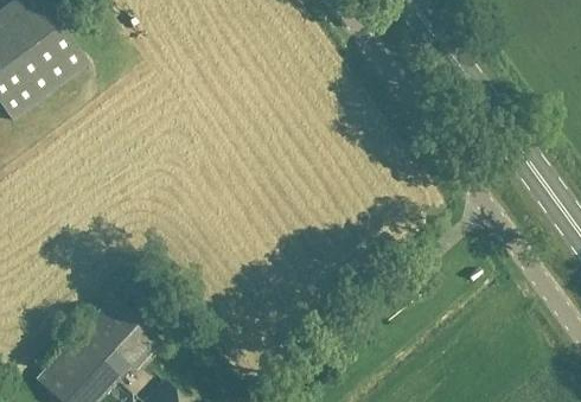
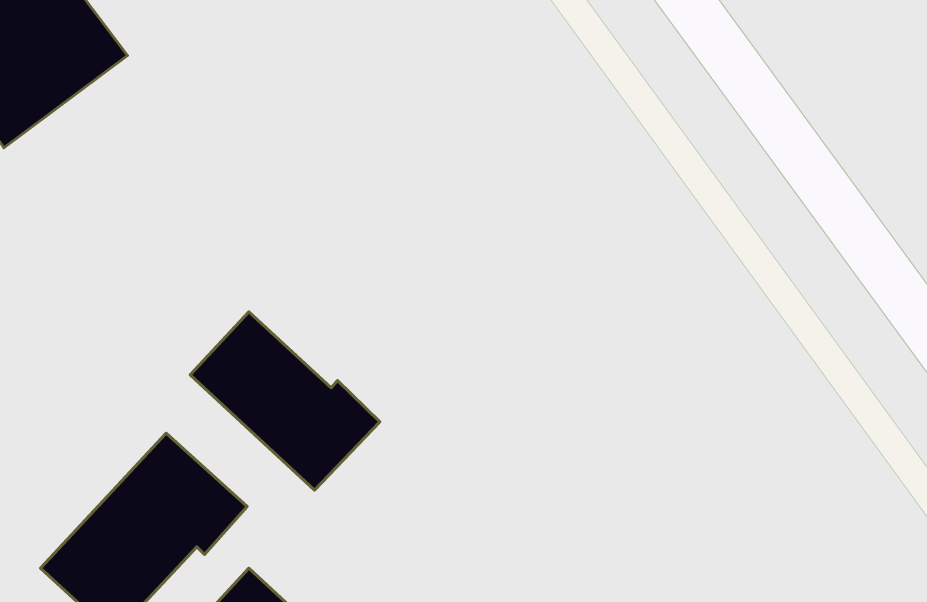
building: none -> [190,312,380,490]

